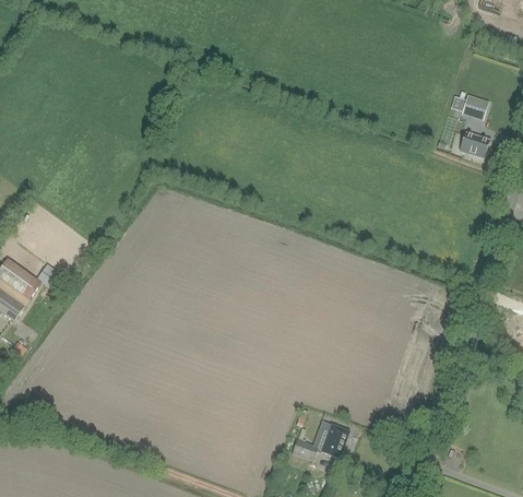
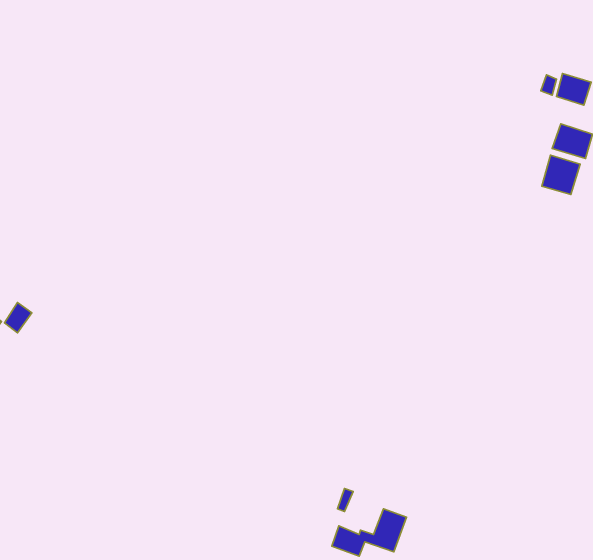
building: none -> [542,155,580,195]

